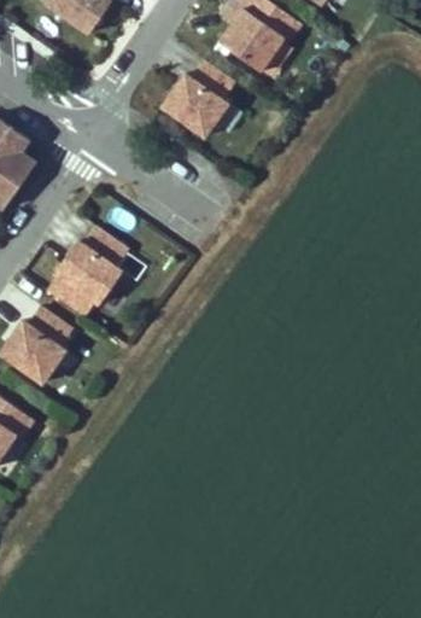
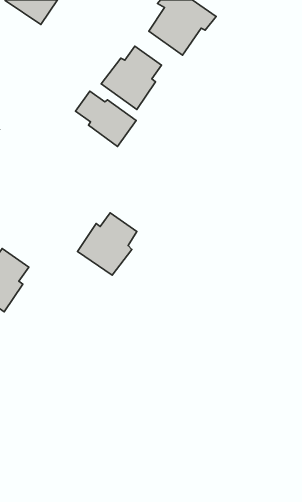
building: none -> [75,91,136,147]
building: [55,227,128,303] -> [77,213,137,275]

